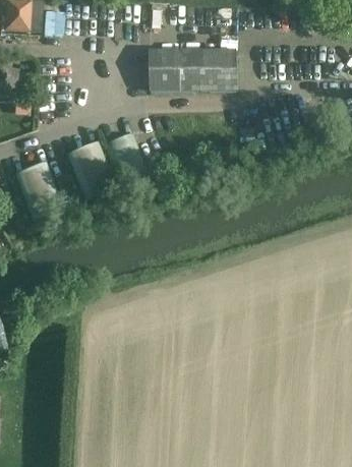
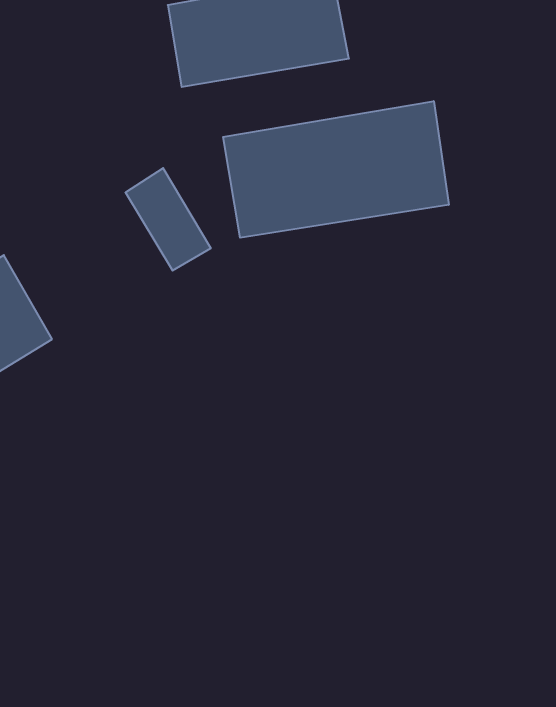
building: none -> [223,101,449,238]
building: [67,140,116,198] -> none

